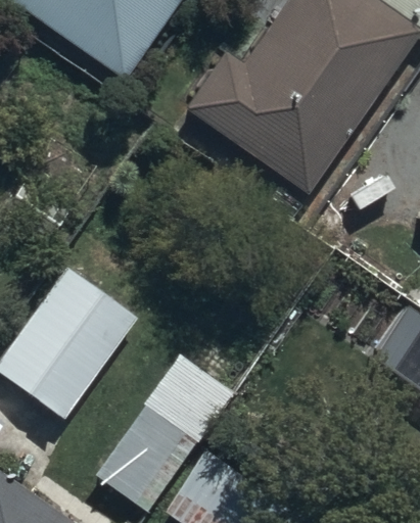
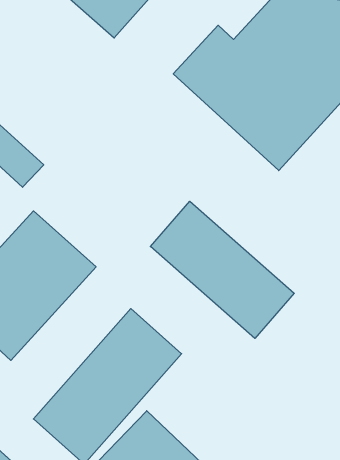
building: none -> [150,201,294,338]

